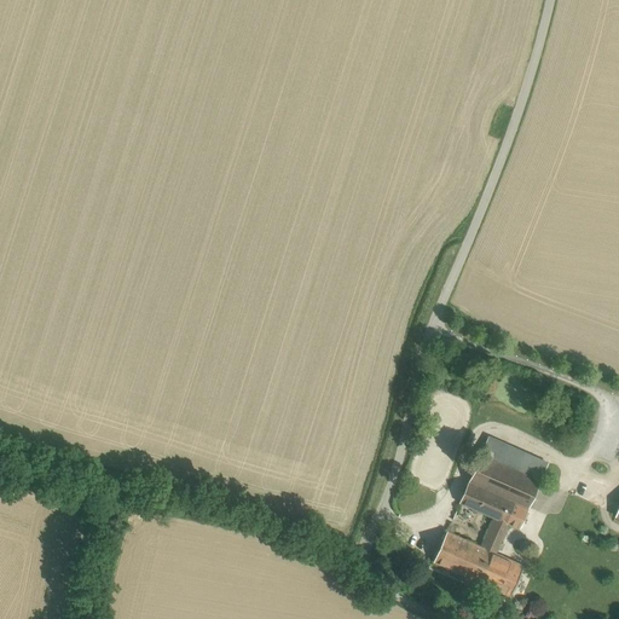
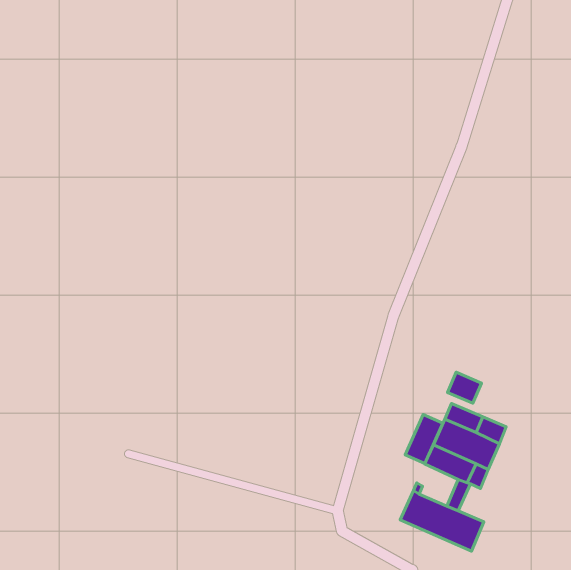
building: none -> [448,372,482,403]
building: none -> [405,415,443,464]

